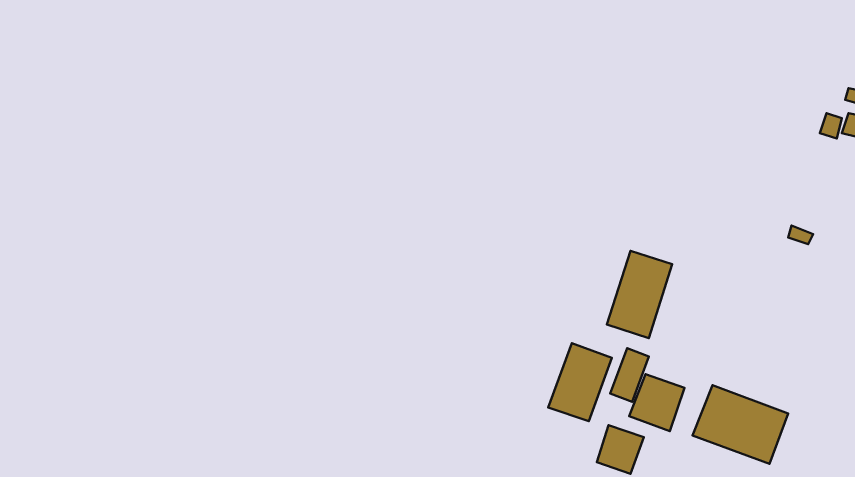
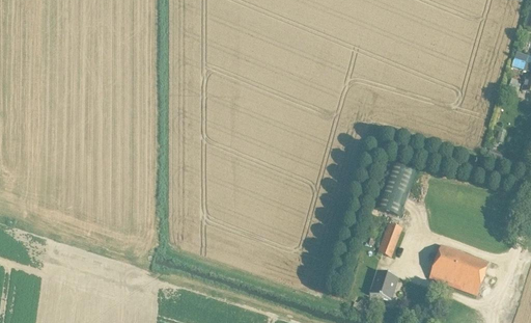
building: [548,343,612,421] -> none
building: [629,374,685,431] -> none

